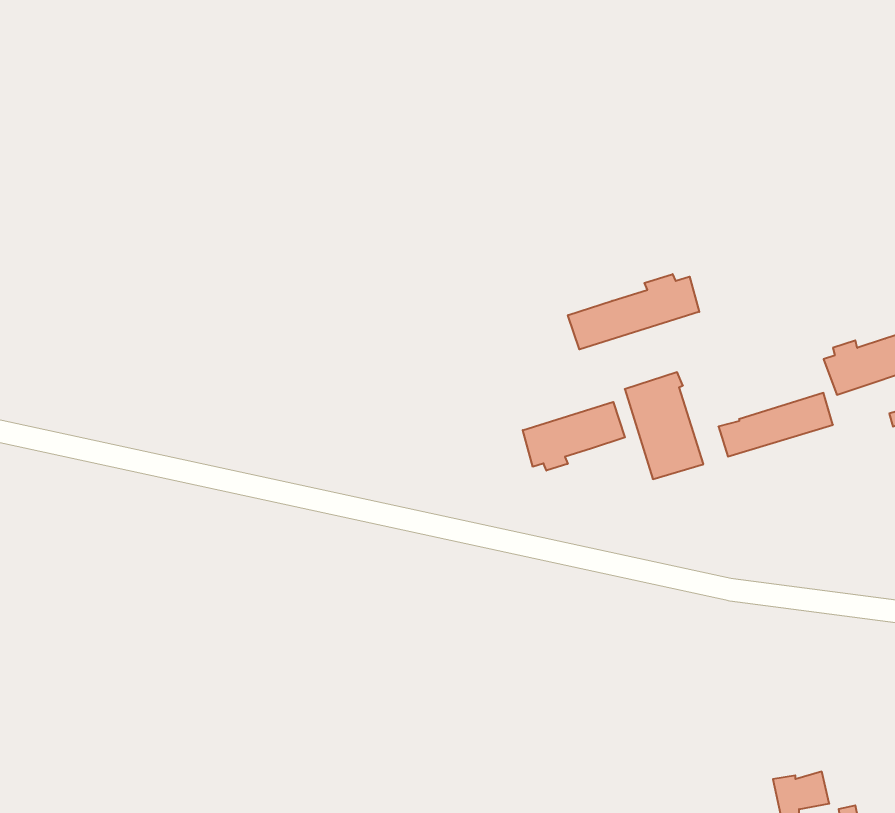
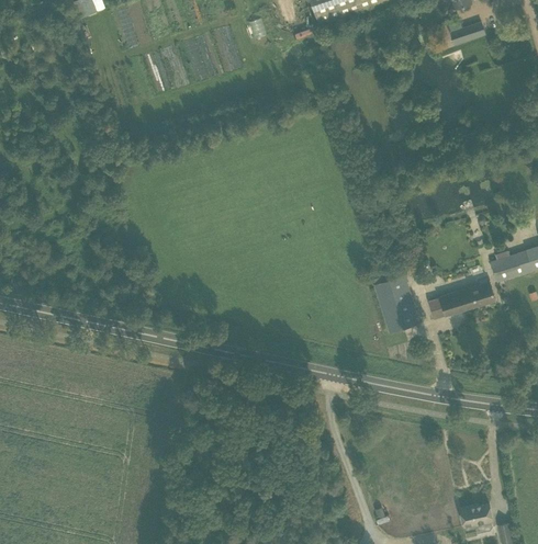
building: [568,274,699,349] -> none
building: [523,402,625,471] -> none

